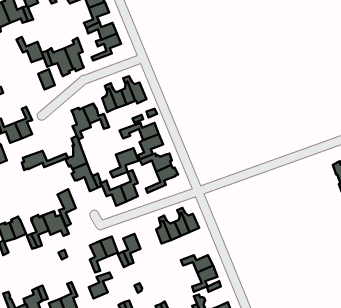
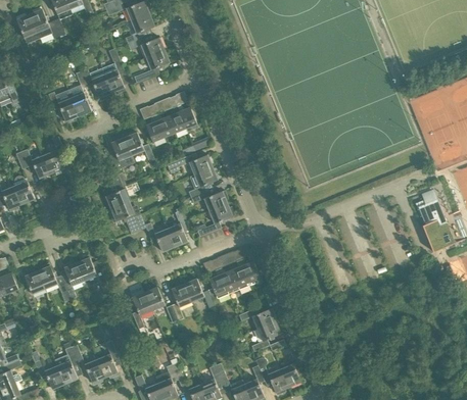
building: [17,37,44,62] -> [46,91,78,120]
building: [110,148,138,178] -> none
building: [22,151,68,170] -> none
building: [57,189,76,226] -> none
building: none -> [183,278,213,307]
building: [89,272,112,298] -> none

